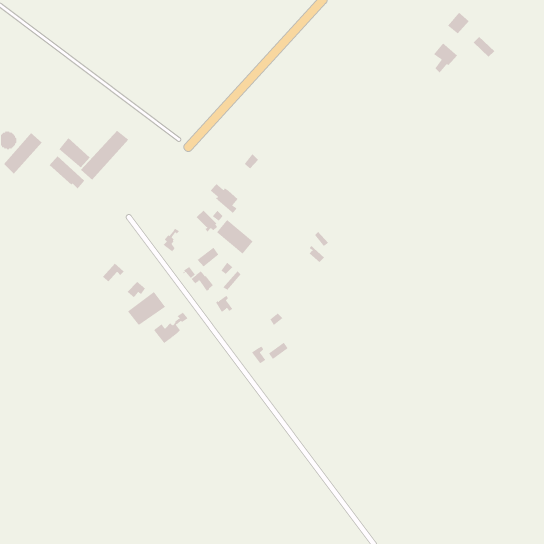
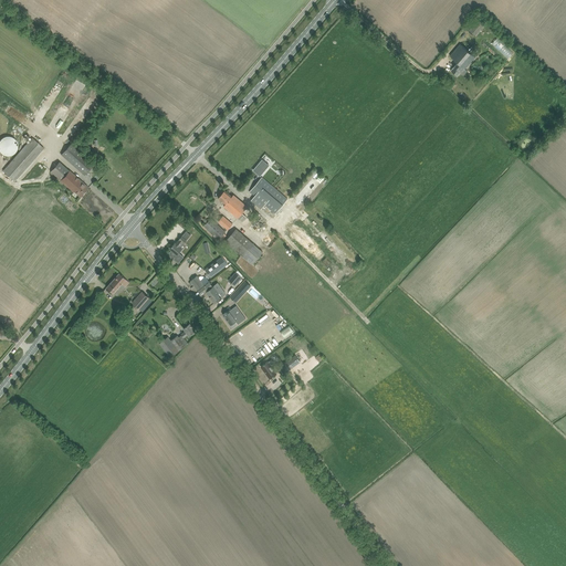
building: [80,130,129,181] -> none
building: none -> [250,177,287,213]
building: [127,291,166,326] -> none

